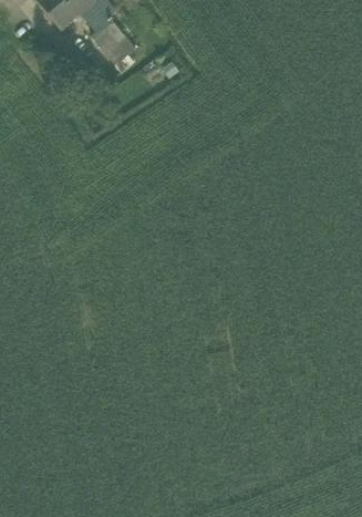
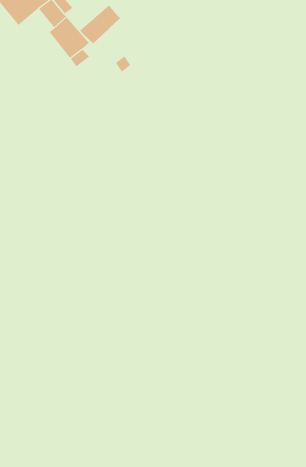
building: none -> [79,4,121,44]

